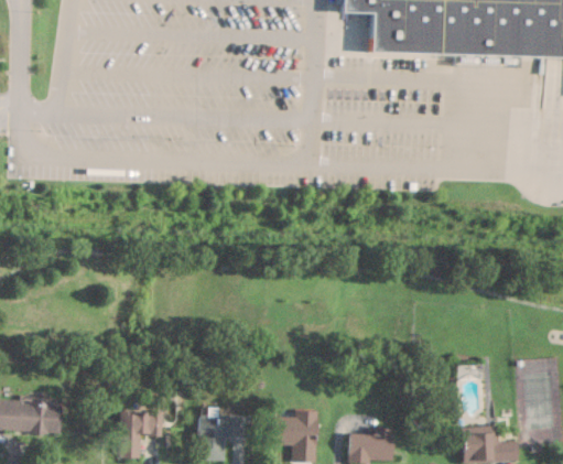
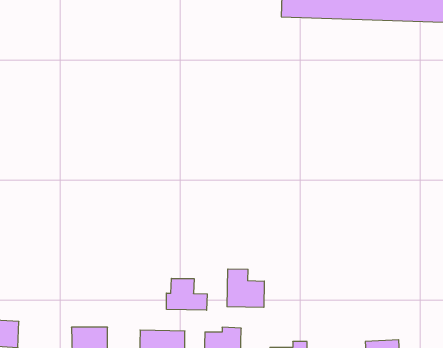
building: none -> [227,269,264,307]
building: none -> [166,278,207,310]

